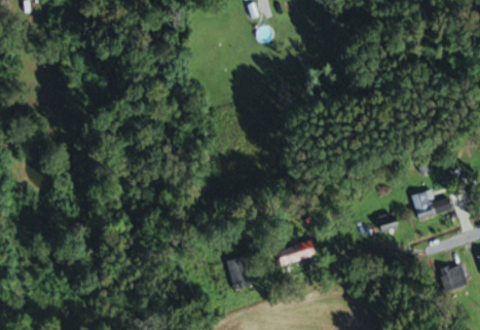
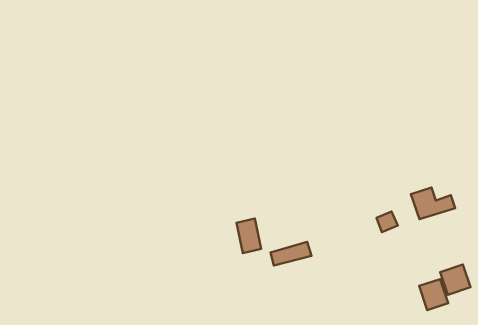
building: [227,257,251,290] -> [236,219,261,253]
building: none -> [419,279,448,310]

